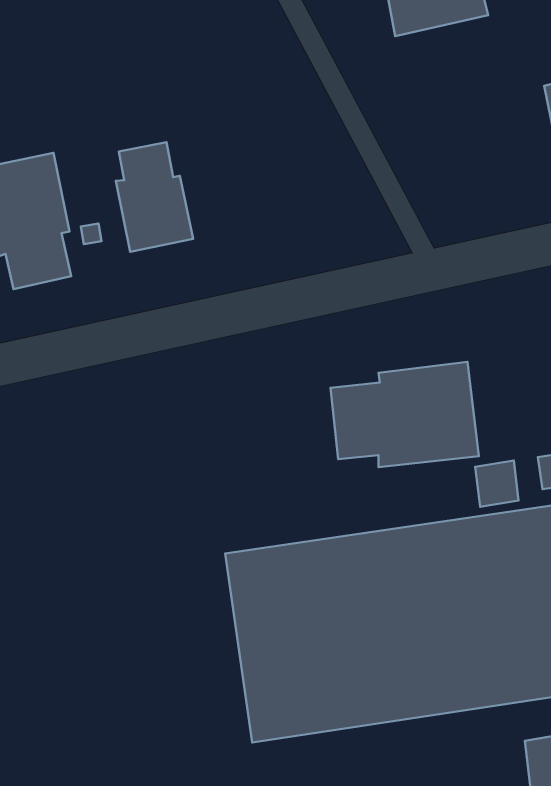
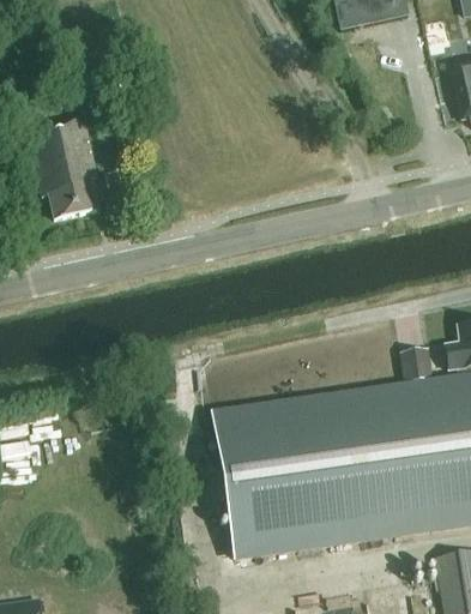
building: [116,142,193,252] -> none
building: [330,362,479,467] -> none

